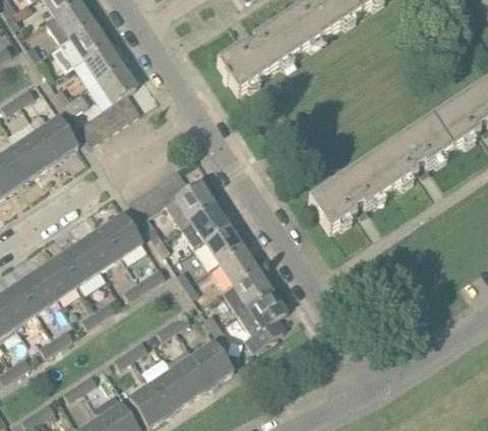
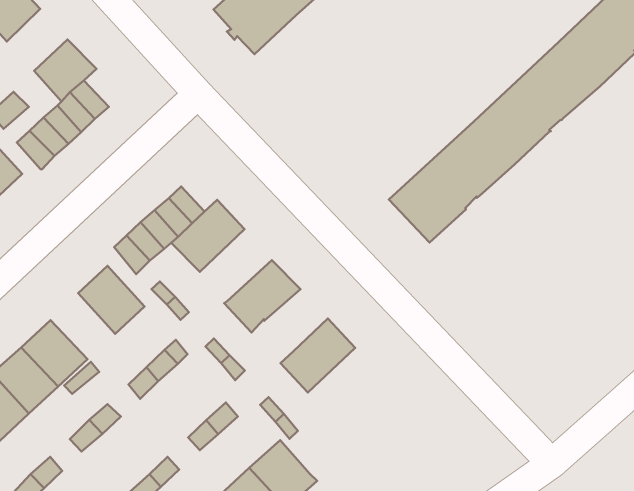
building: [83,41,121,79] -> none
building: [181,202,228,246] -> none
building: [82,225,121,268] -> none
building: [217,246,258,284] -> none
building: [237,288,286,348] -> none

